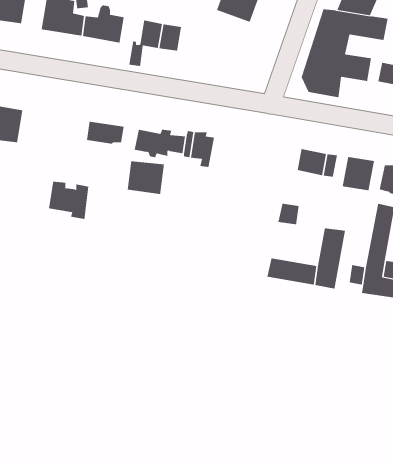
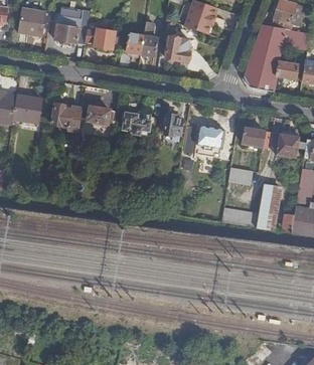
building: none -> [166,34,190,61]
building: none -> [195,124,223,156]
building: [127,160,165,195] -> none
building: [48,181,89,219] -> [51,104,82,132]

